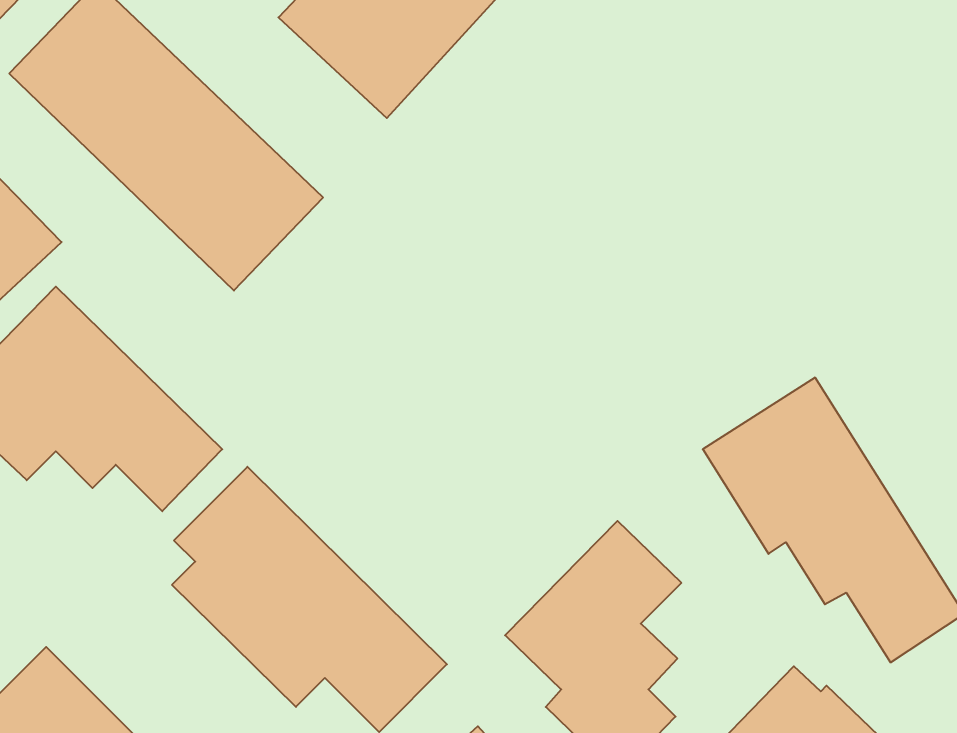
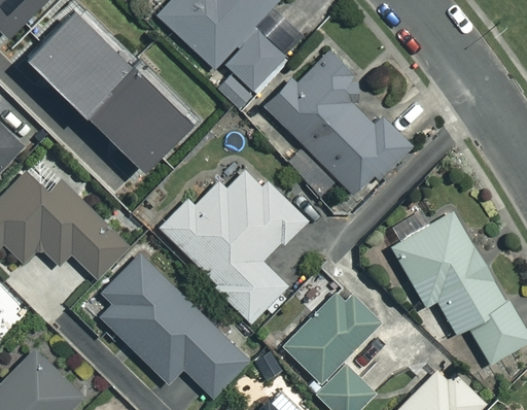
building: none -> [230,33,288,92]
building: none -> [271,49,419,199]
building: none -> [164,169,306,322]

